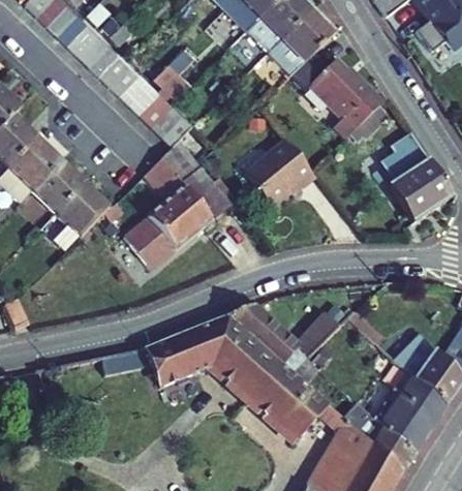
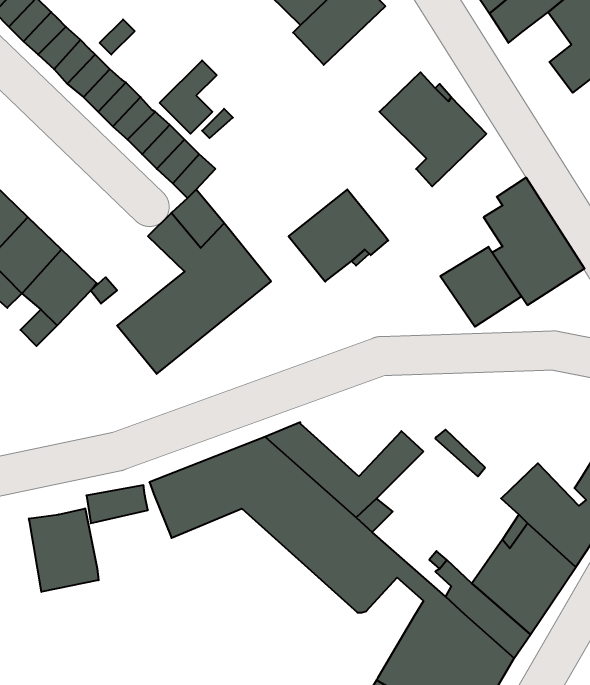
building: [268,10,334,75] -> none
building: none -> [440,247,522,327]
building: none -> [29,508,99,592]

